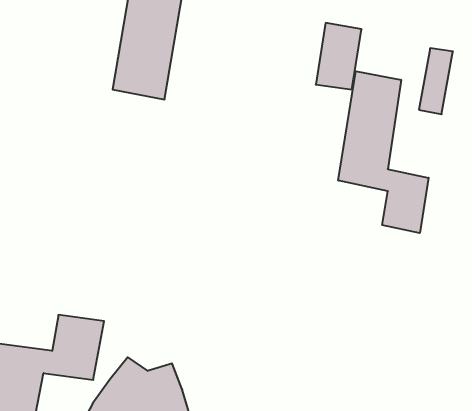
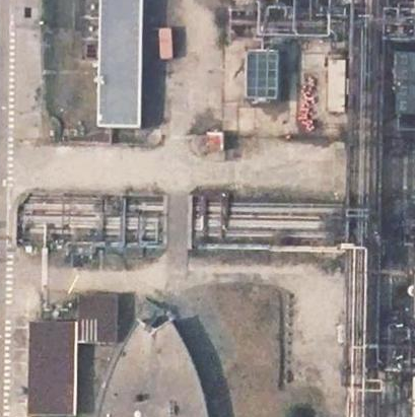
building: [338,71,429,233] -> none

